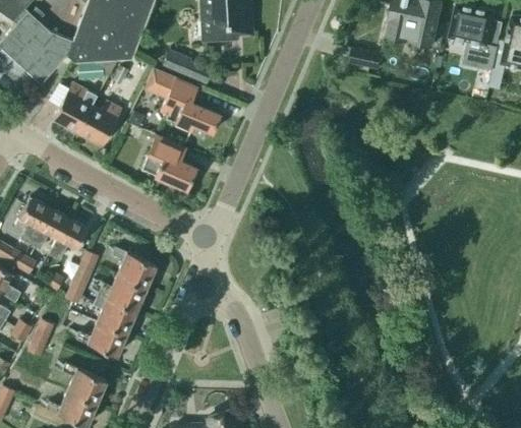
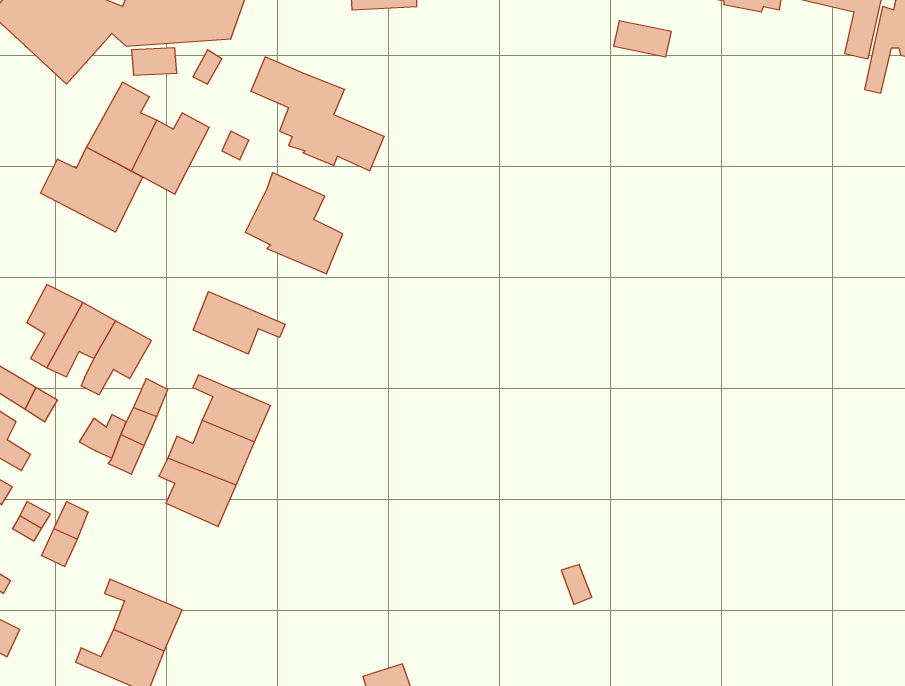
building: [162,50,213,84] -> none
building: none -> [41,147,142,232]
building: none -> [193,292,285,354]
building: [76,320,126,356] -> none

